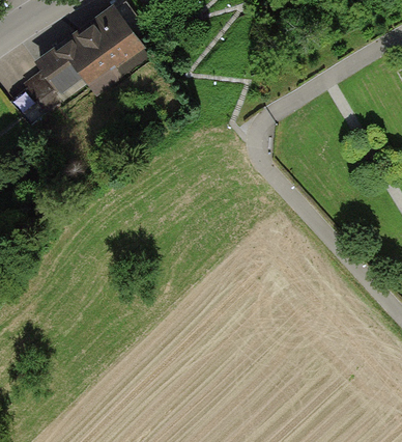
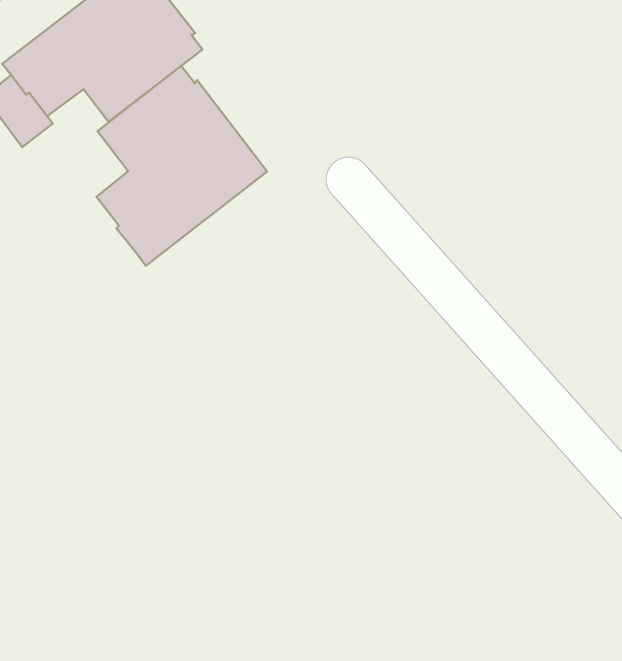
building: none -> [97,66,267,266]

